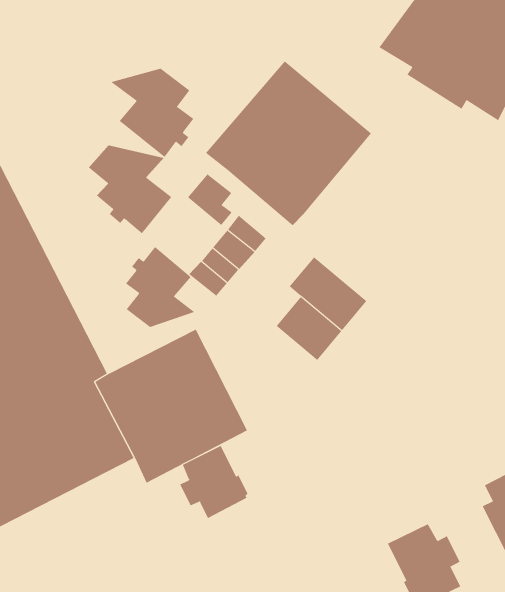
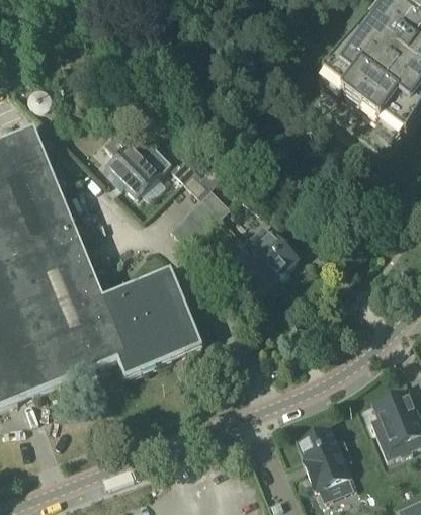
building: [205,60,372,226] -> none
building: [110,68,194,158] -> none
building: [125,246,196,328] -> none
building: [180,445,248,519] -> none

